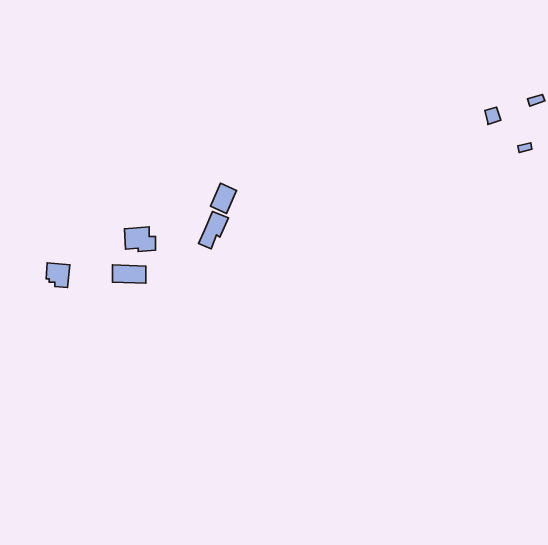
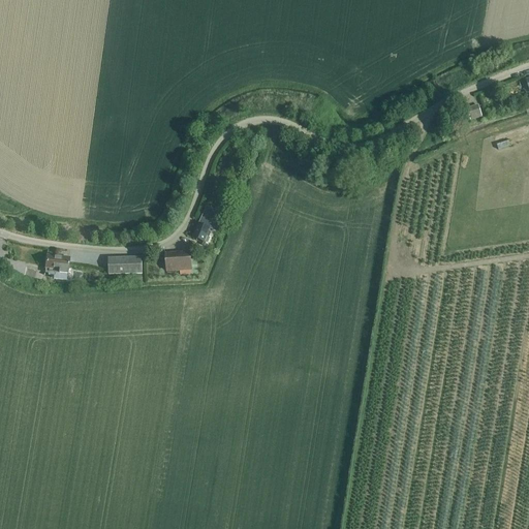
building: [210,183,236,213] -> none
building: [124,227,155,251] -> [166,249,196,273]

